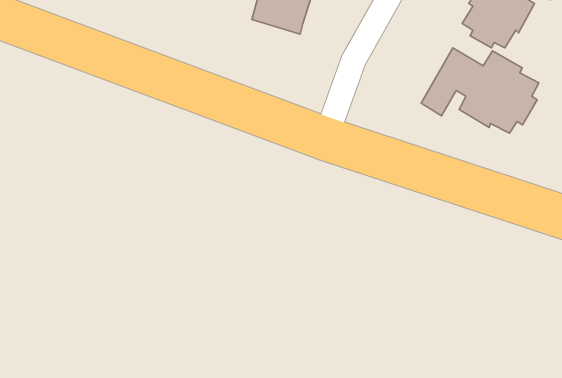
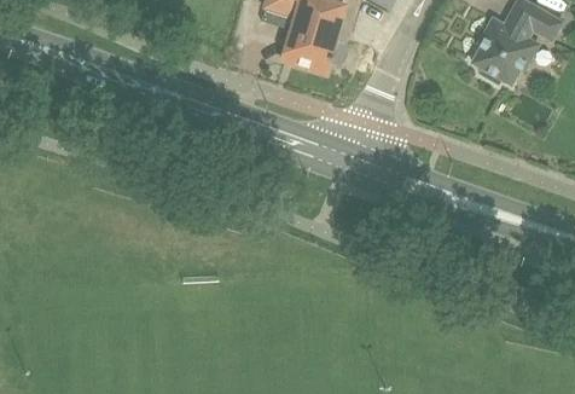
building: [421,48,539,133] -> none

